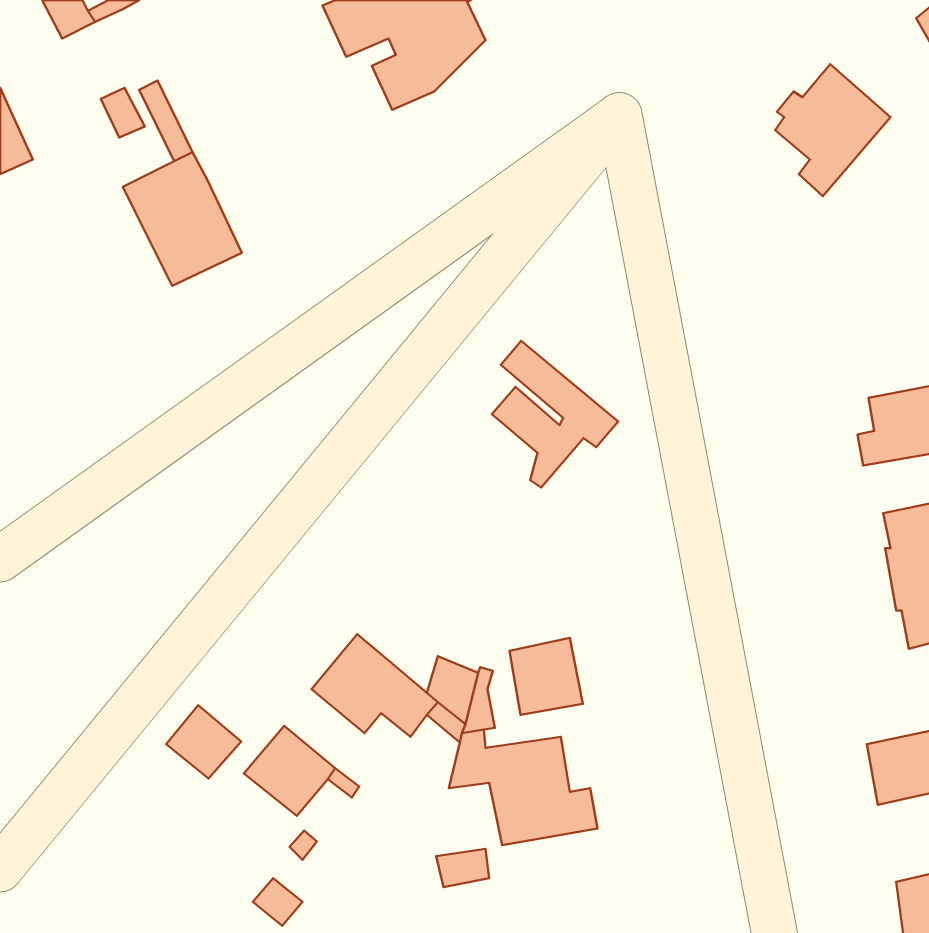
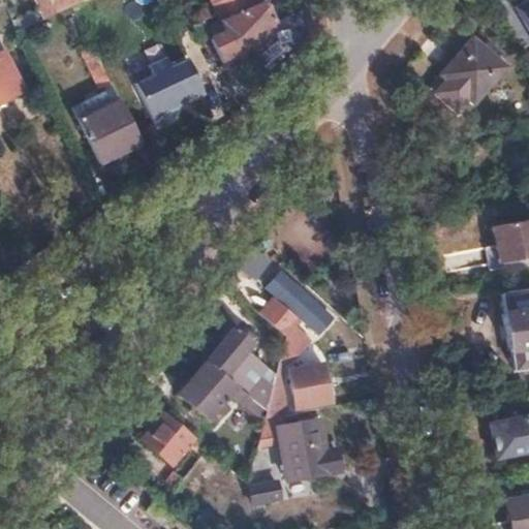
building: none -> [136,57,205,127]
building: [492,341,618,488] -> [260,272,332,354]
building: none -> [206,325,252,375]
building: [166,705,241,779] -> none

